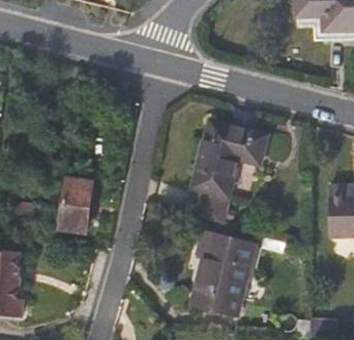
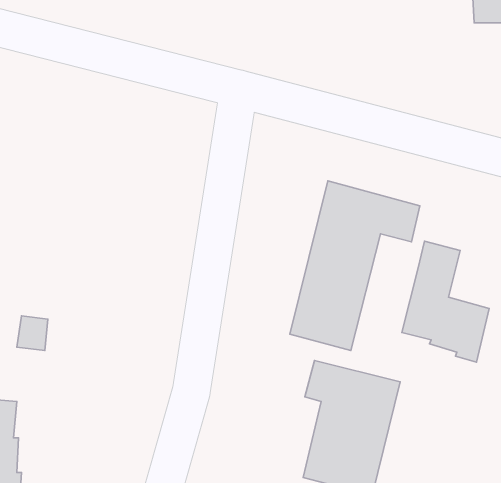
building: none -> [402,241,489,362]
building: [61,179,92,231] -> none

